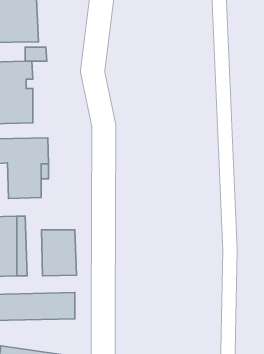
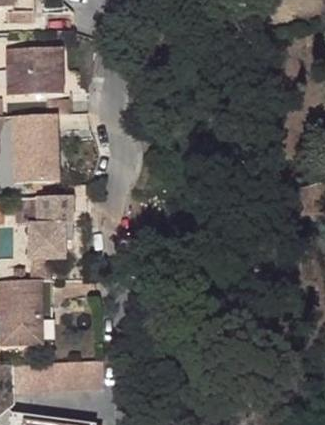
building: [42,230,77,276] -> none

